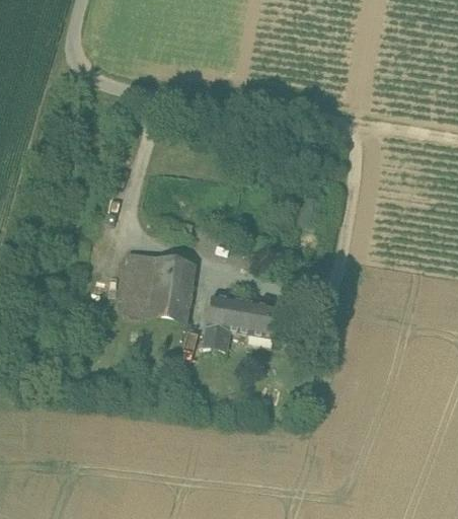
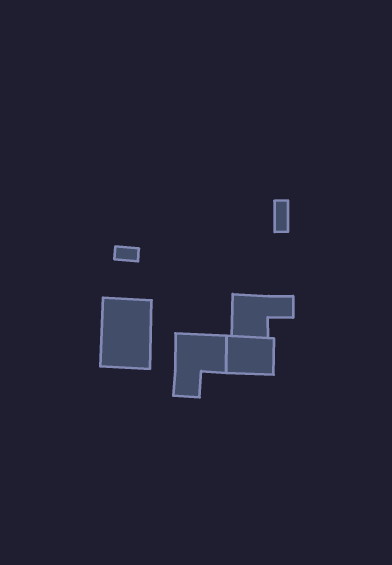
building: [119,253,155,313] -> none
building: none -> [232,294,293,338]

